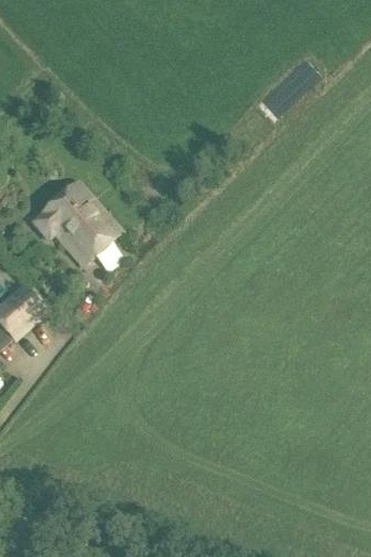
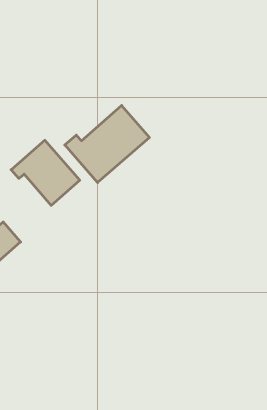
building: none -> [65,105,149,183]

